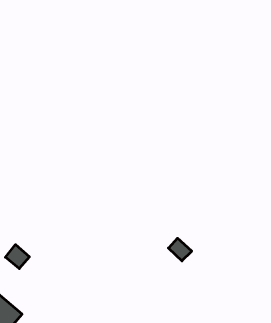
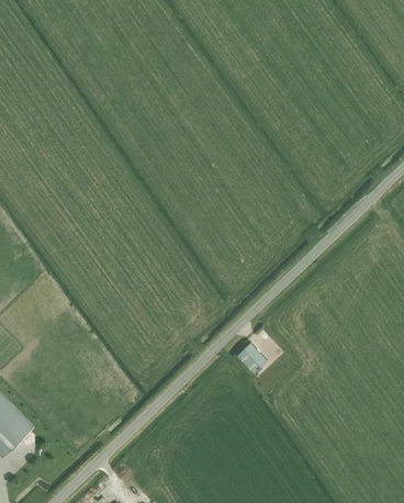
building: [5,245,29,269] -> none

